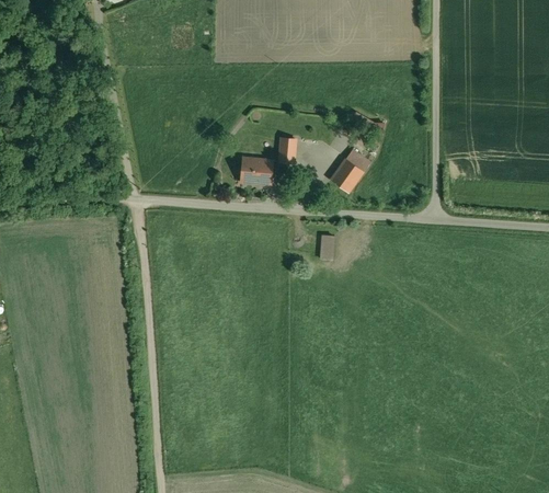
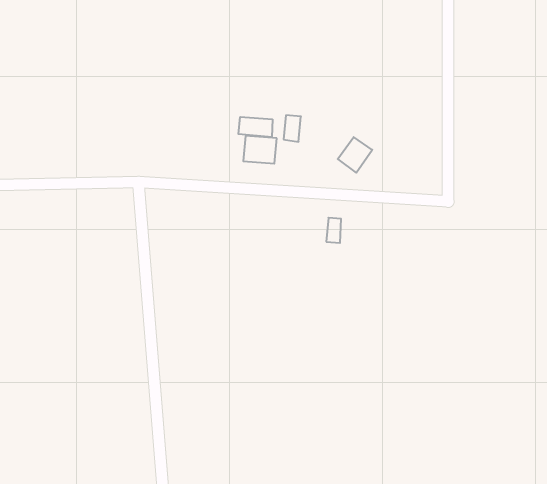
building: none -> [238,117,272,137]

